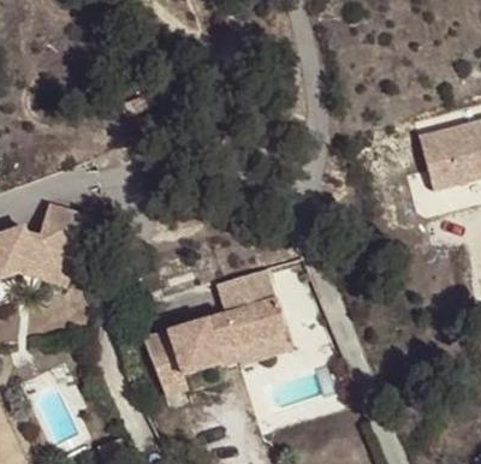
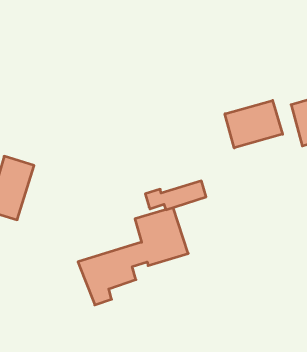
building: none -> [225,100,283,148]
building: [213,327,291,364] -> [145,181,206,210]

